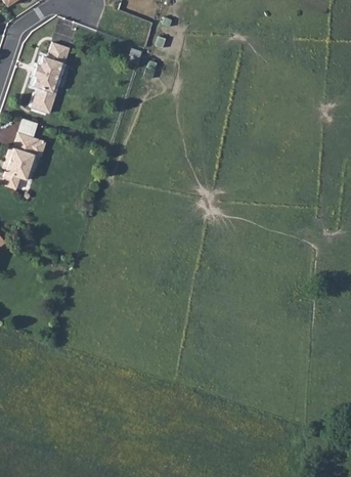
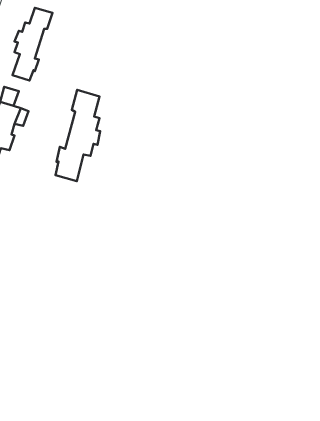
building: none -> [56,90,100,181]

